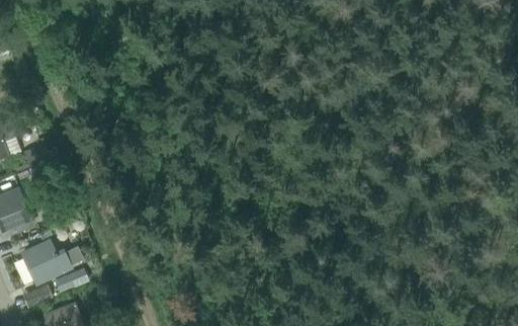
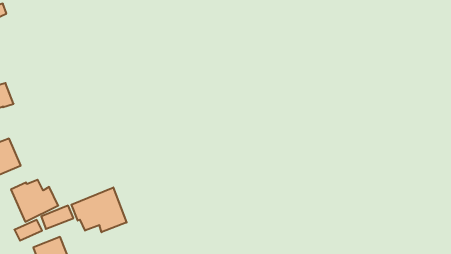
building: none -> [71,187,127,232]

